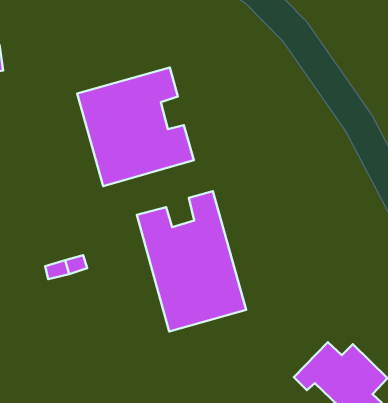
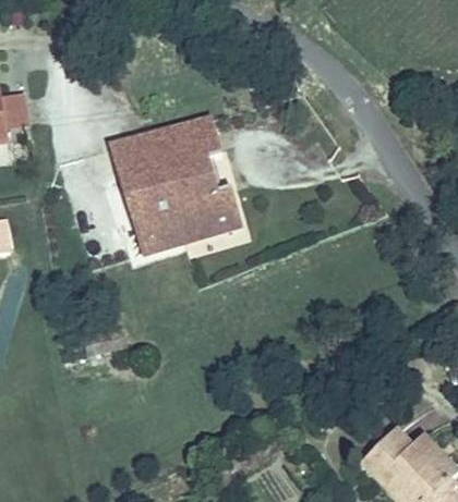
building: [137,191,246,332] -> none

